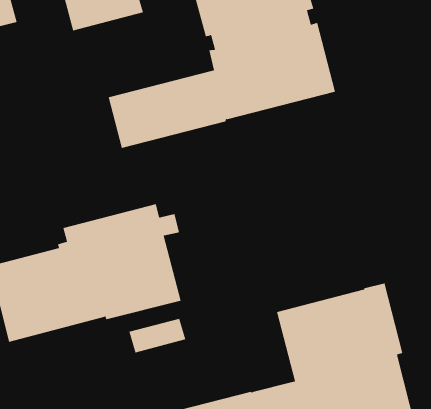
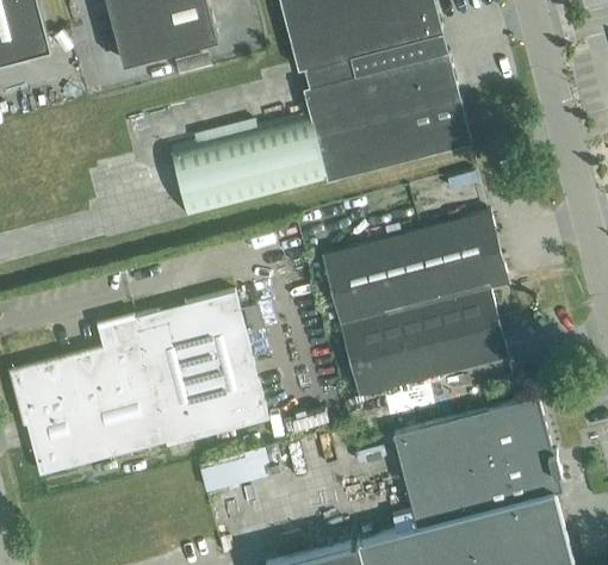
building: none -> [322,212,508,395]

